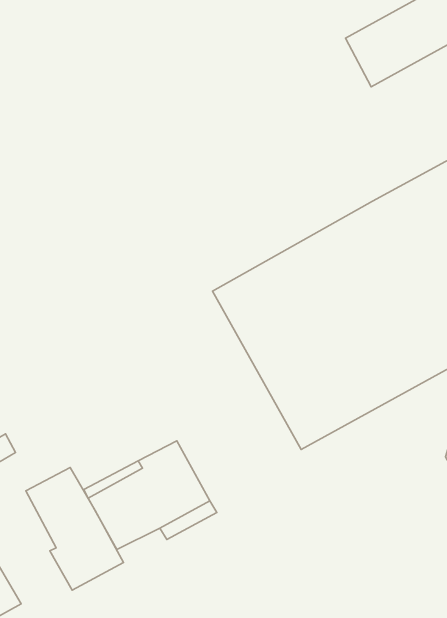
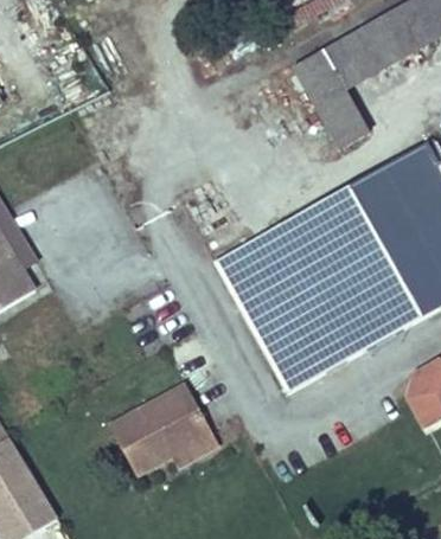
building: none -> [292,50,370,152]
building: [26,467,123,590] -> none

